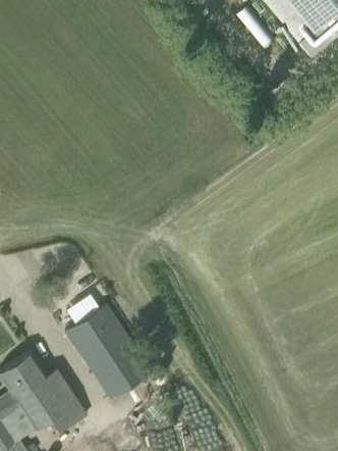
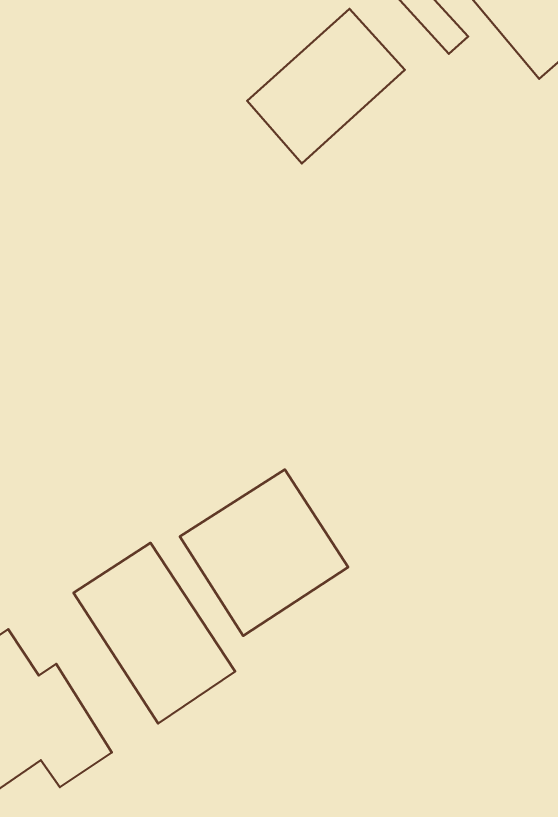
building: none -> [247,9,405,164]
building: none -> [180,470,348,636]

